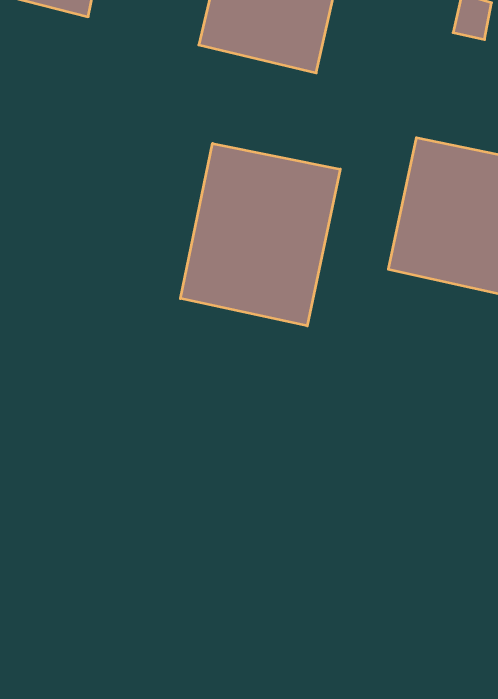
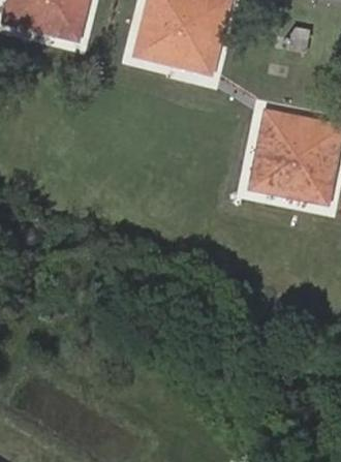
building: [180,143,340,326] -> none

